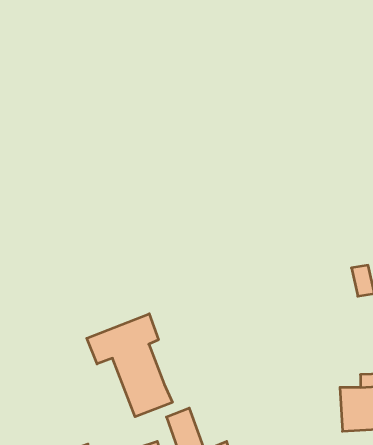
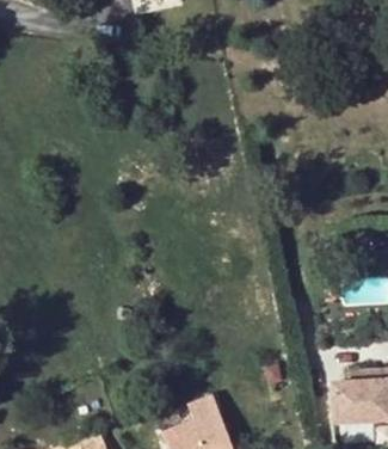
building: [87,314,172,417] -> none

